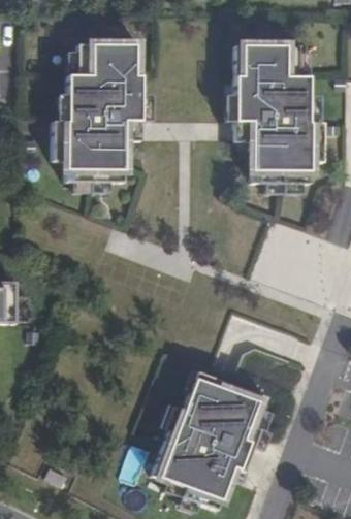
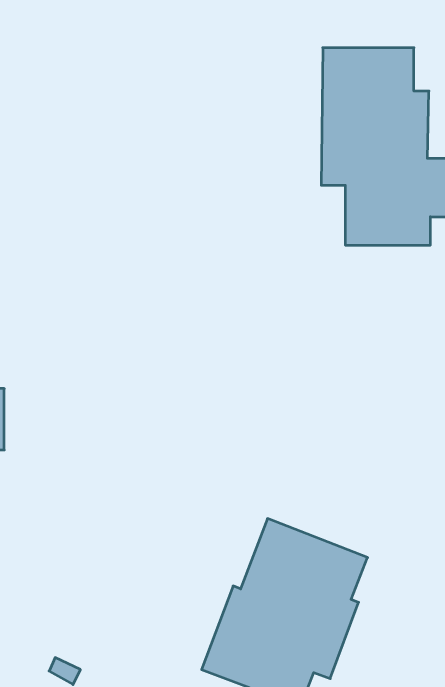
building: [51,42,138,180] -> none

